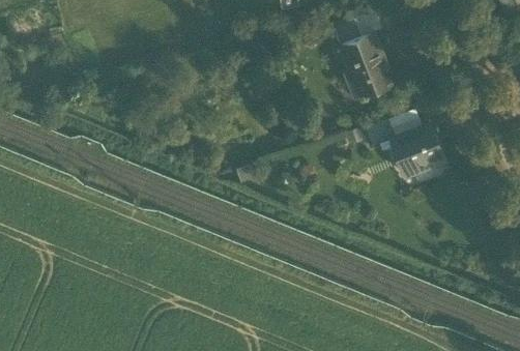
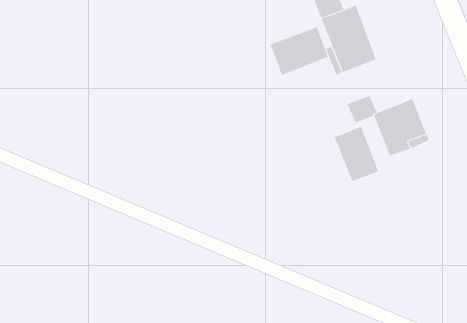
building: none -> [270,26,328,76]
building: none -> [334,126,379,182]

